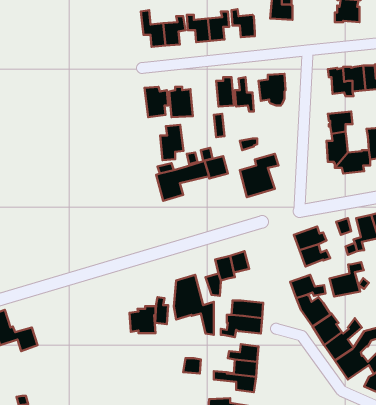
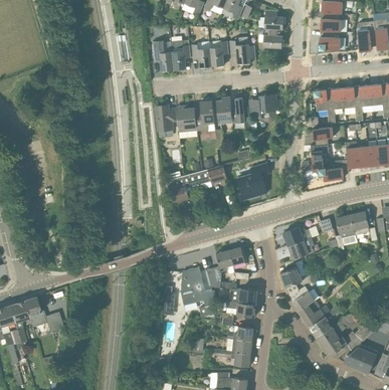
building: [160,125,184,160] -> [195,101,215,131]
building: [329,262,364,297] -> none
building: [130,306,156,333] -> none

